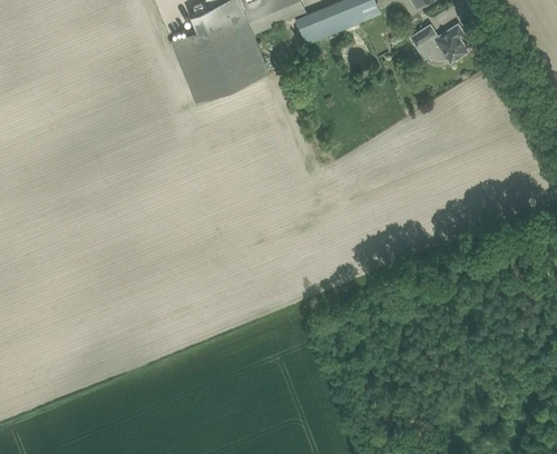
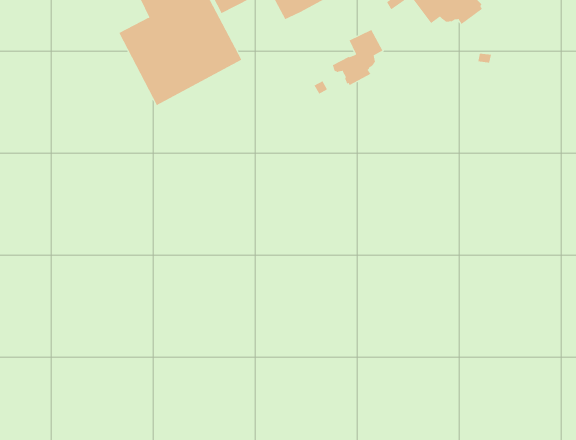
building: none -> [332,29,383,86]

